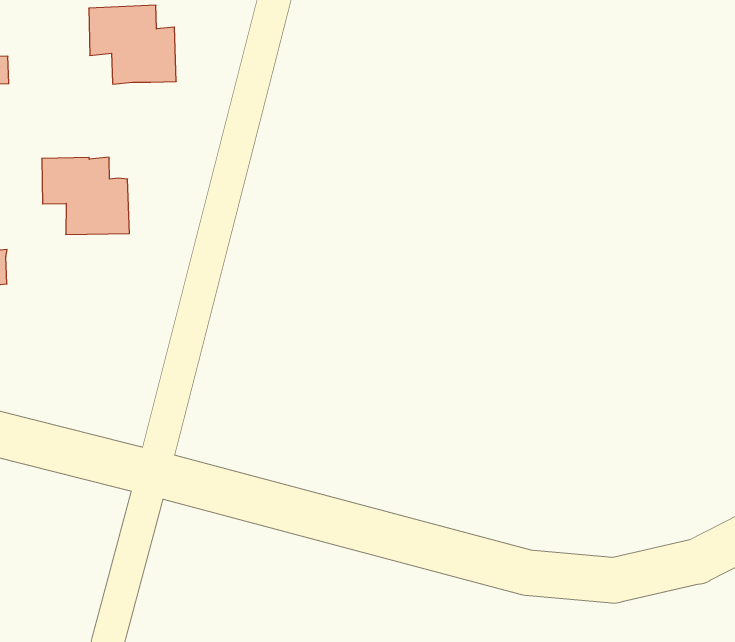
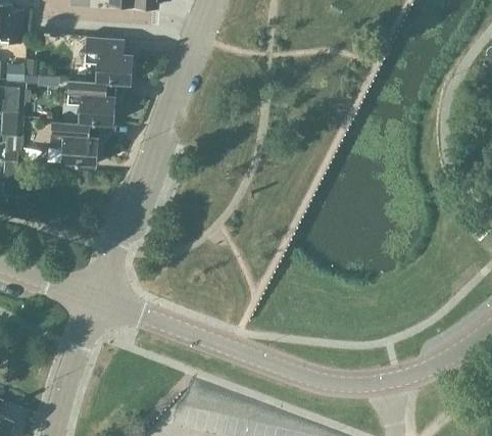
building: none -> [66,80,115,125]

